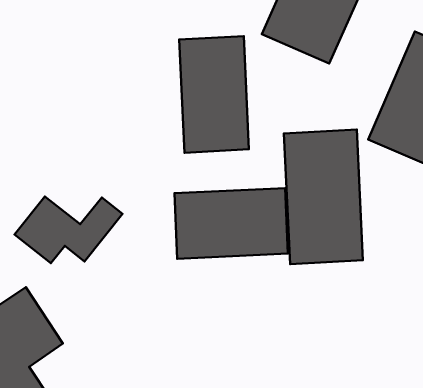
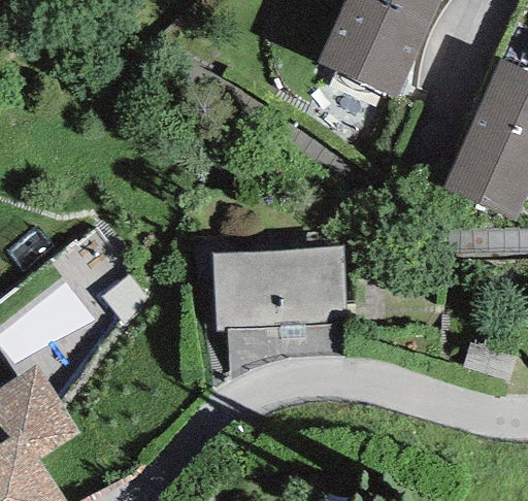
building: [179,36,249,153] -> none
building: [284,129,363,264] -> none

